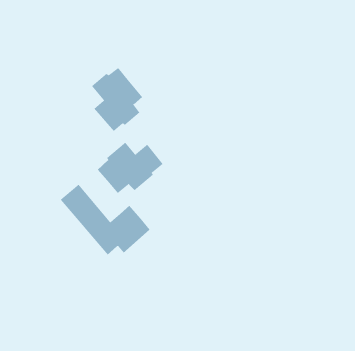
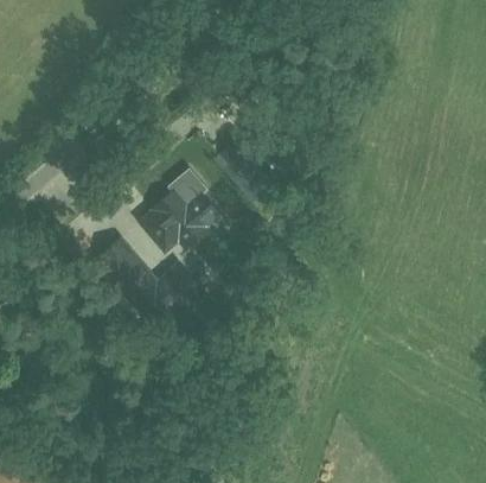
building: [91,67,143,132] -> none

